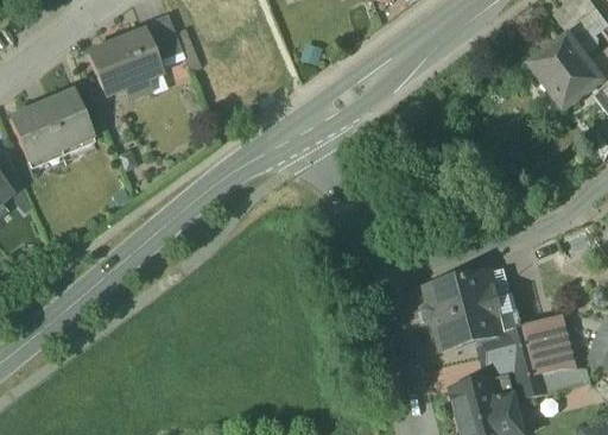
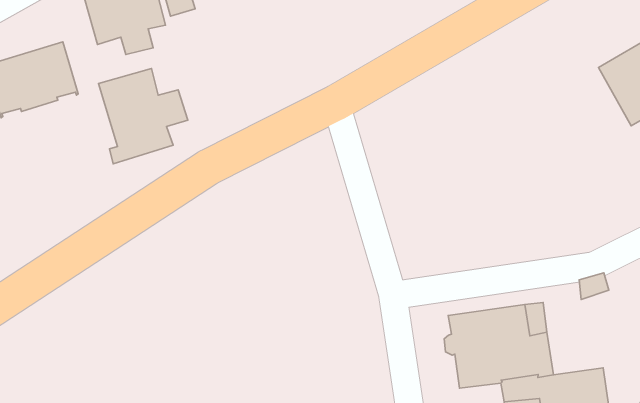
building: none -> [99,69,188,164]

